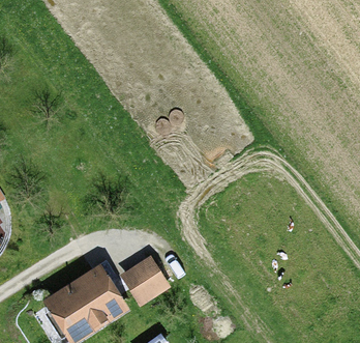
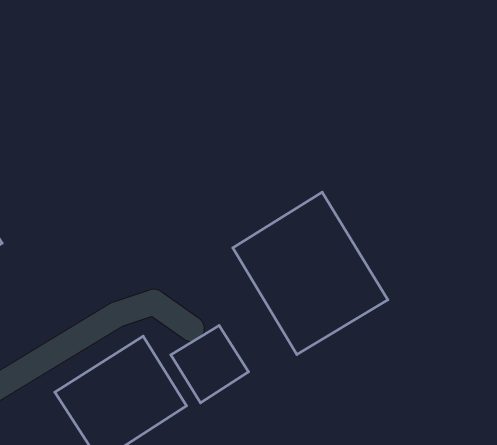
building: none -> [233,192,388,354]

